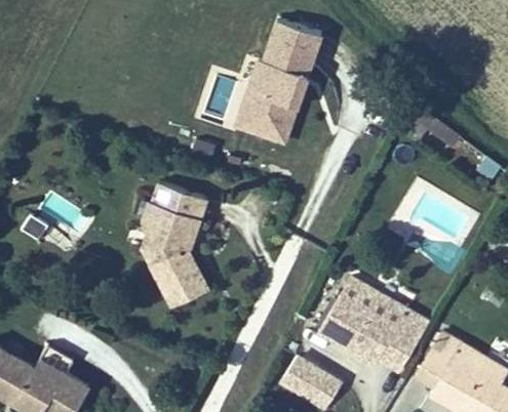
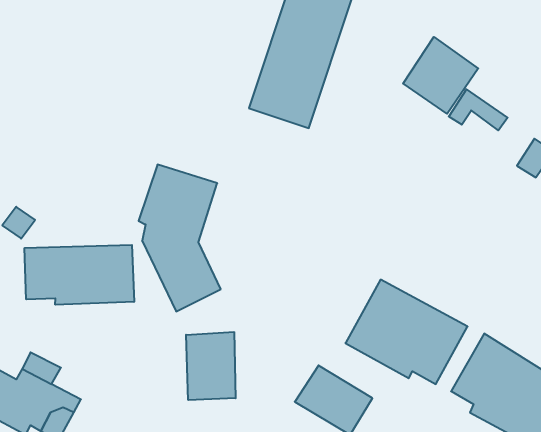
building: none -> [403,37,478,114]
building: none -> [25,245,134,305]
building: none -> [186,332,236,400]

